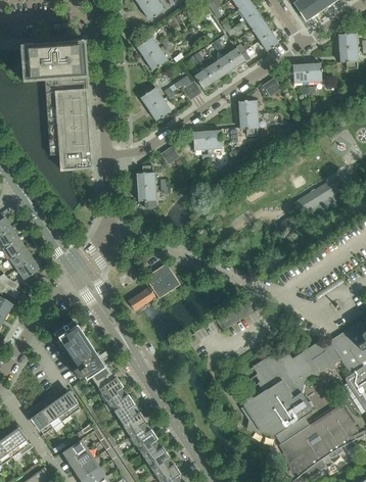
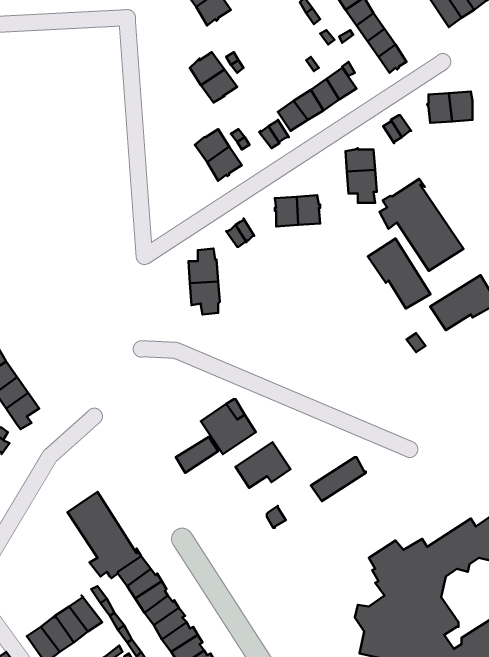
building: [20,41,92,170] -> none
building: none -> [379,179,464,271]
building: none -> [368,239,430,308]
building: none -> [236,442,291,488]

